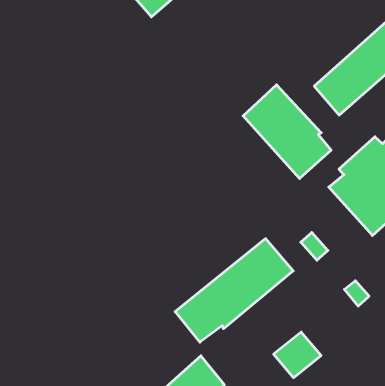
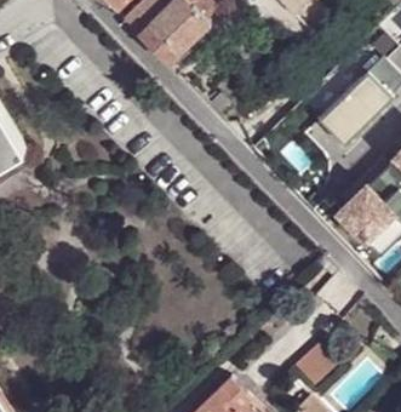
building: [243,85,331,179] -> none
building: [175,239,293,342] -> none

